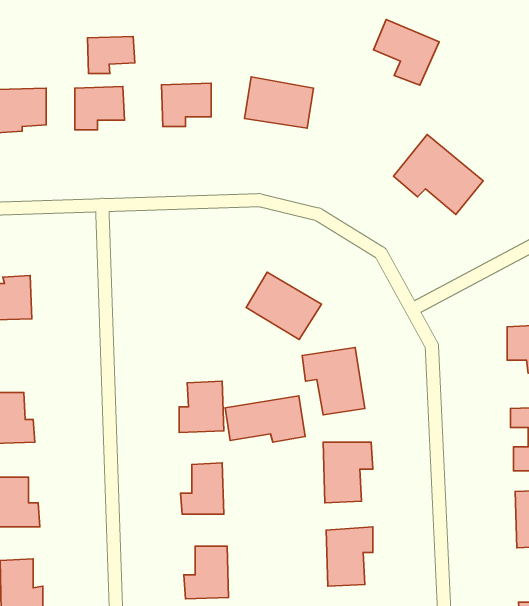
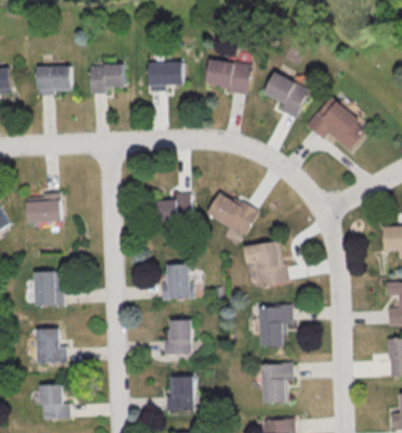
building: [373,20,439,85] -> [265,73,310,117]
building: [87,36,135,74] -> none
building: none -> [156,192,190,222]
building: [225,396,305,442] -> none

